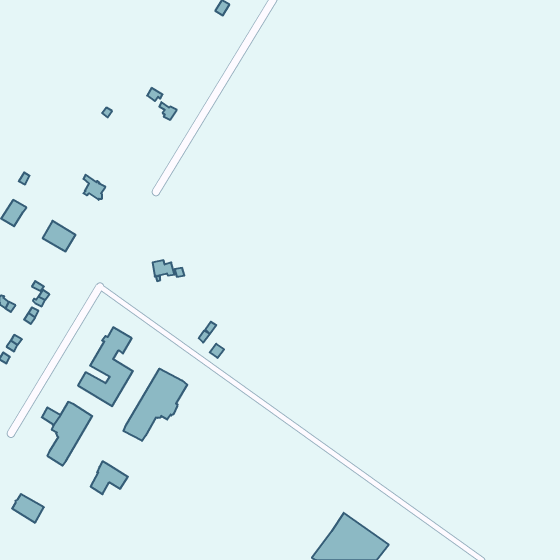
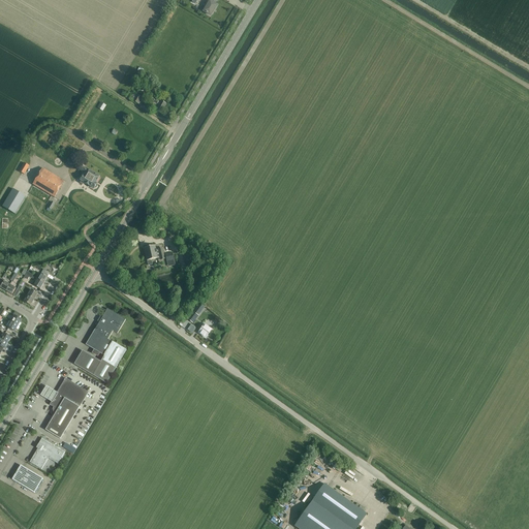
building: [43,221,76,251] -> [32,167,63,196]
building: [123,369,187,441] -> none
building: [91,461,128,494] -> [29,437,64,468]

